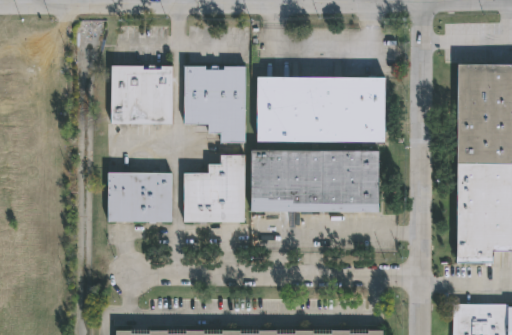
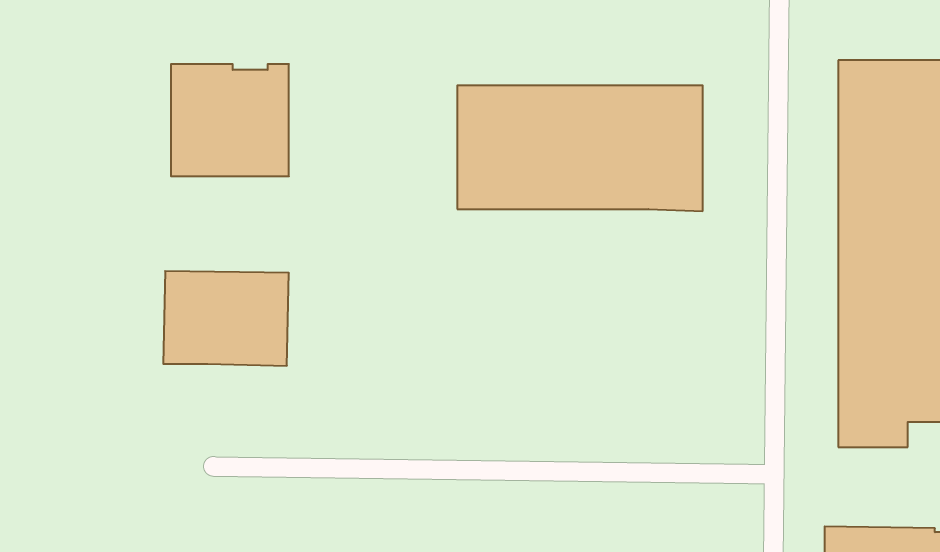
building: [185,66,245,142] -> none
building: [251,150,379,212] -> none
building: [183,155,243,223] -> none

